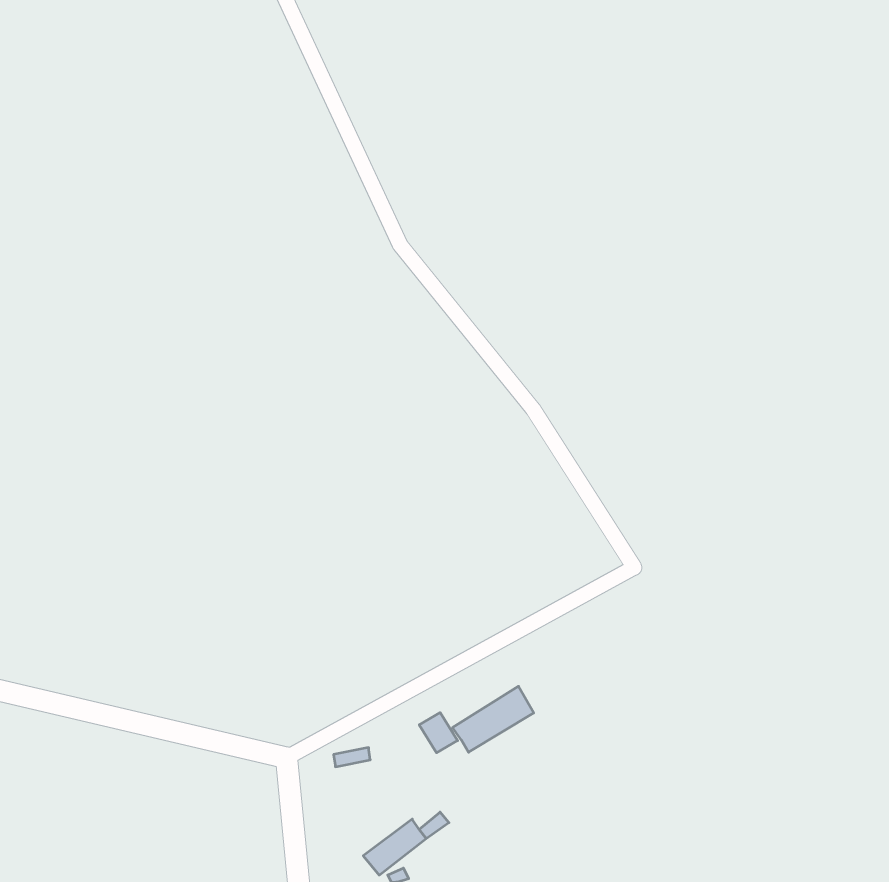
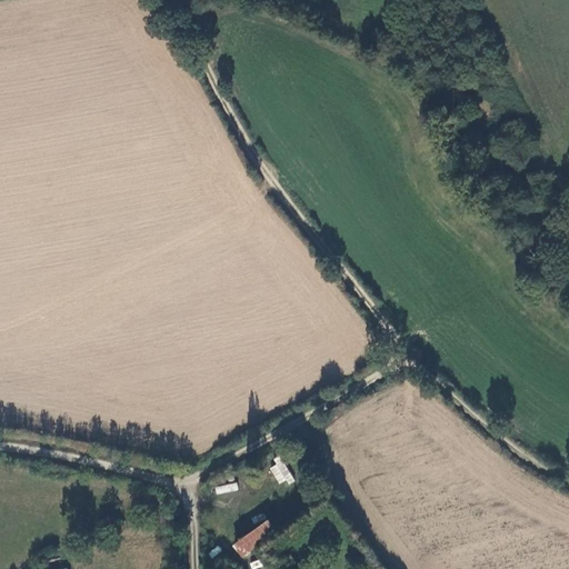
building: [453,686,534,752] -> none

